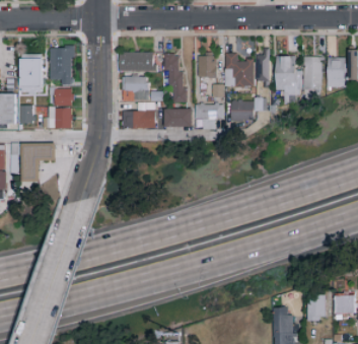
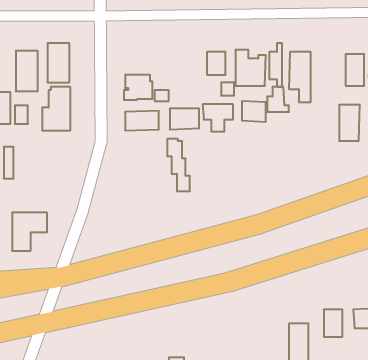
building: [120,52,153,71] -> none
building: [164,54,186,102] -> [167,139,190,191]
building: [303,57,323,90] -> [339,105,360,141]
building: [22,144,55,180] -> [12,213,47,251]

